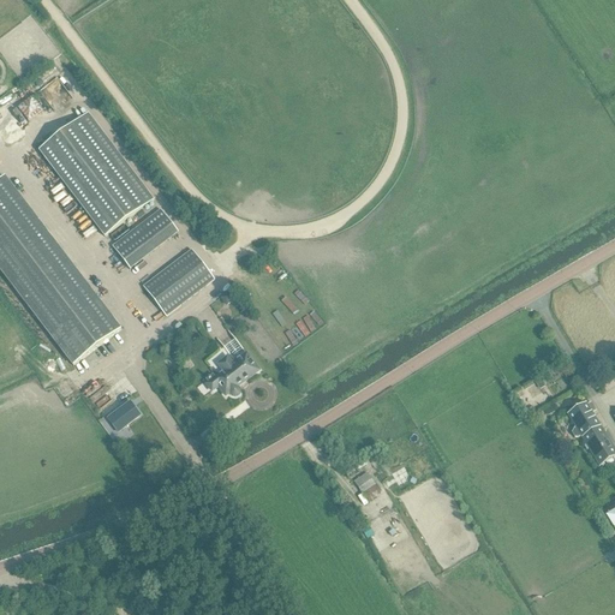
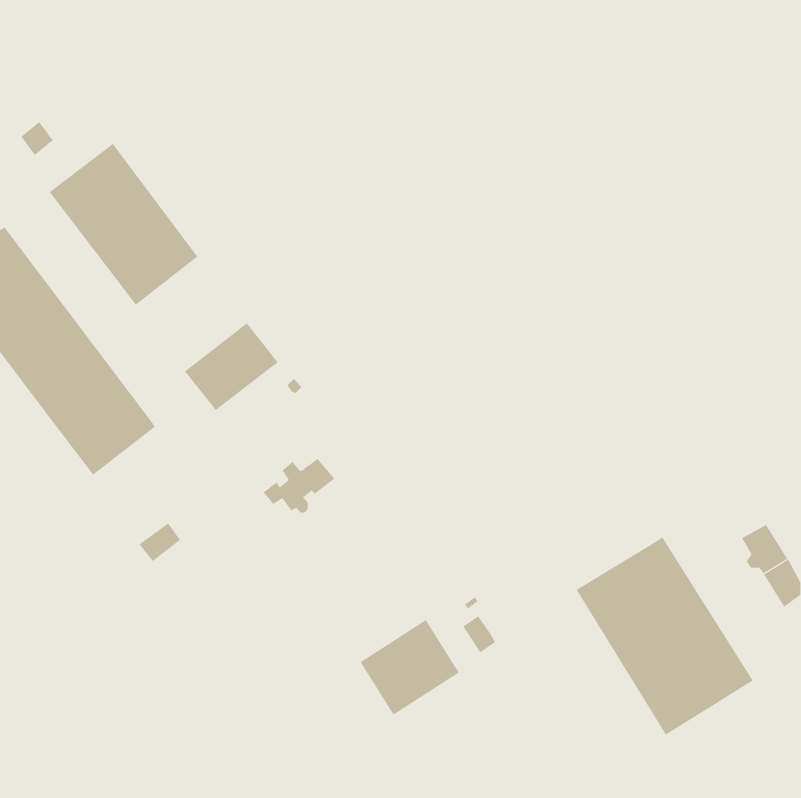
building: [111,207,177,267] -> none
building: none -> [576,537,753,736]
building: none -> [360,619,460,716]

